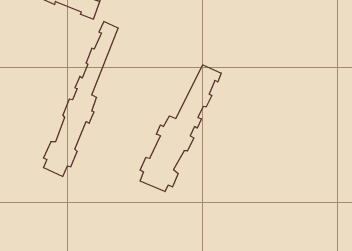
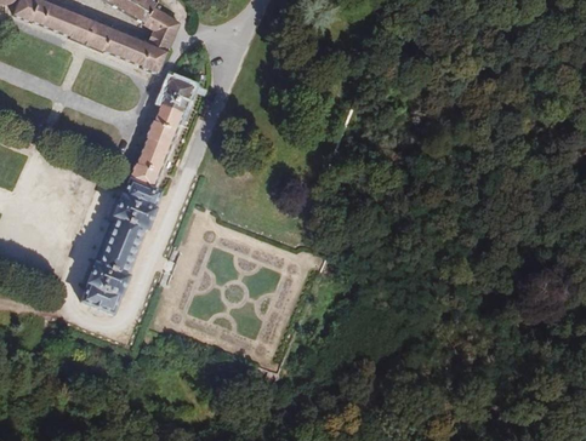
building: [140,65,221,192] -> none

